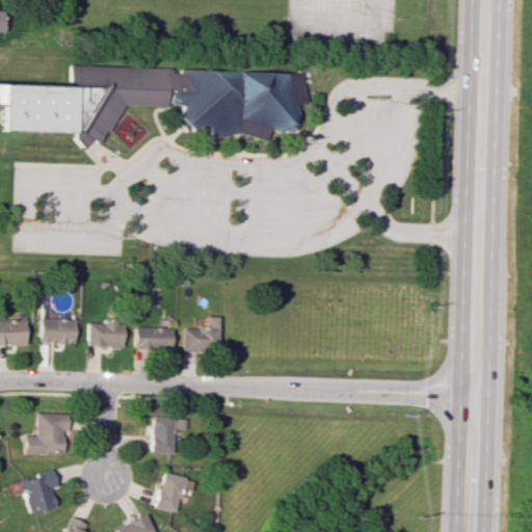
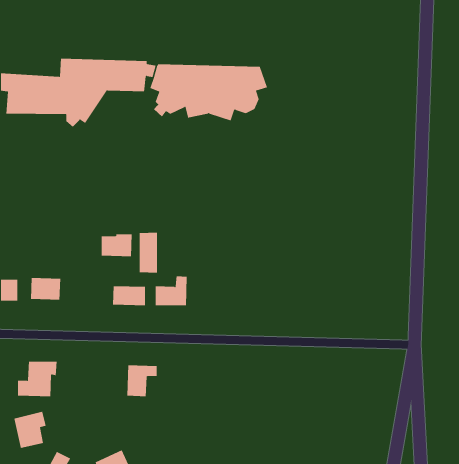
building: none -> [139,232,157,274]
building: [89,321,126,347] -> [101,234,133,257]
building: [156,472,186,513] -> none

